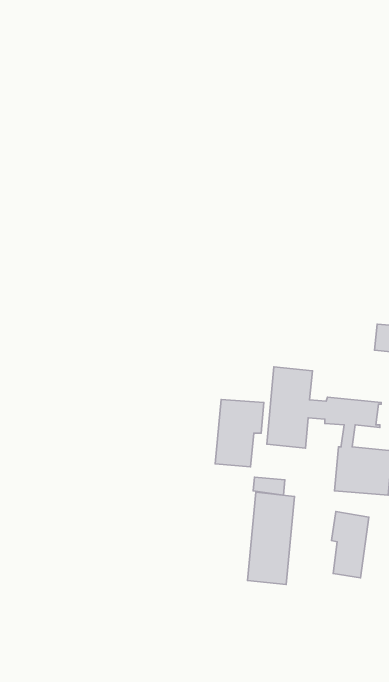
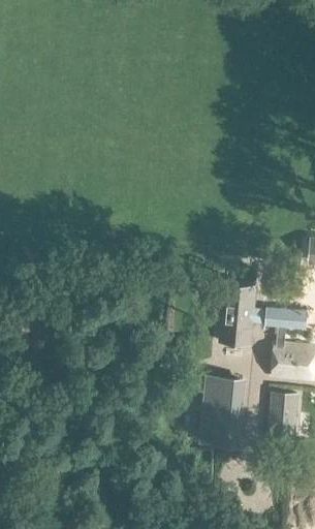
building: [215,400,264,467] -> none

